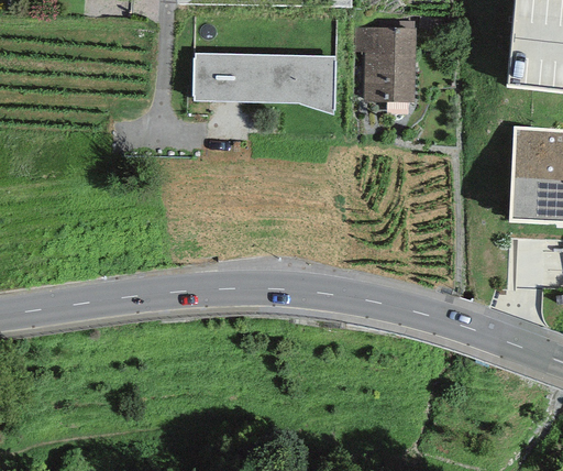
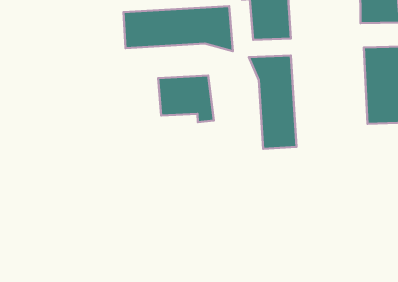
building: none -> [249,55,297,149]
building: none -> [158,75,214,122]

